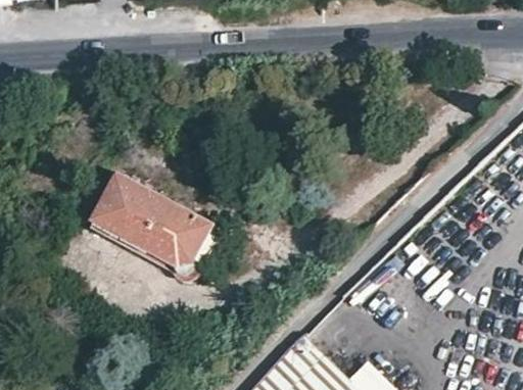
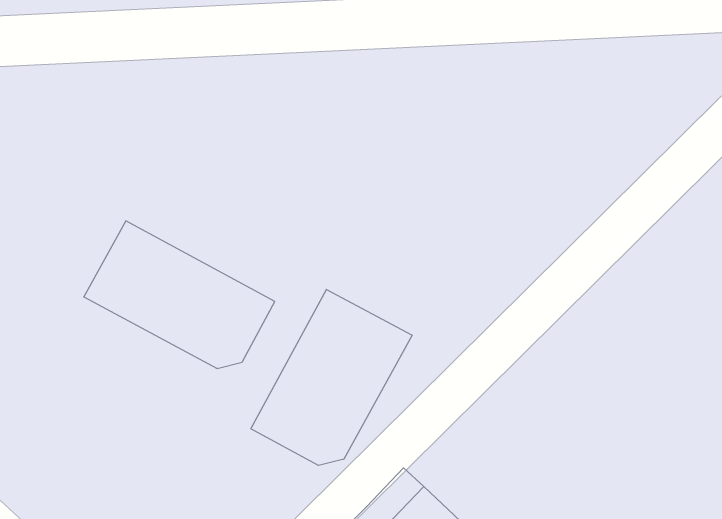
building: none -> [251,289,412,465]

